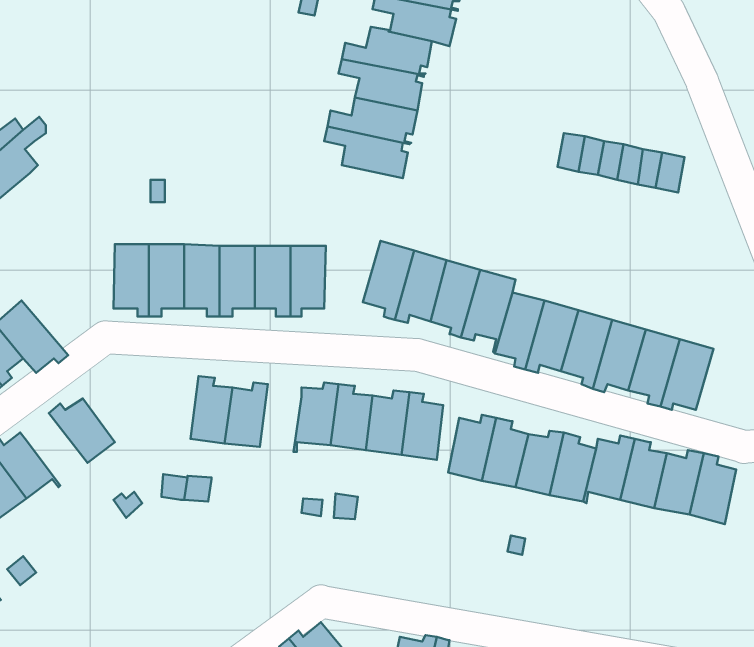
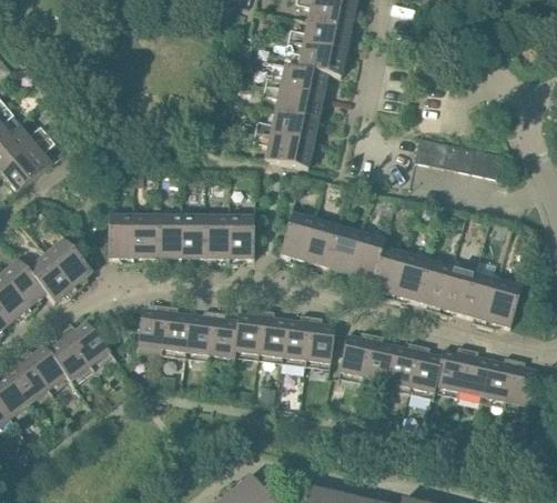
building: none -> [44,238,92,291]
building: none -> [138,304,166,349]
building: none -> [209,311,237,358]
building: none -> [48,331,90,381]

